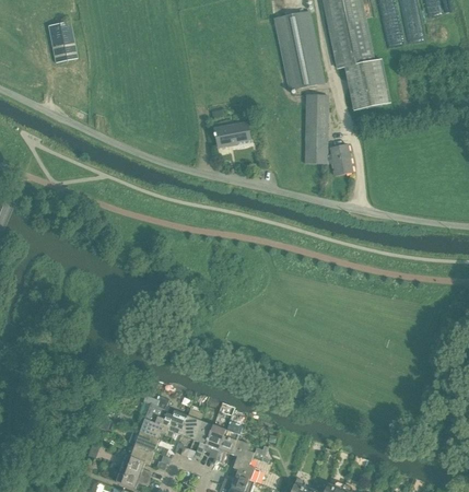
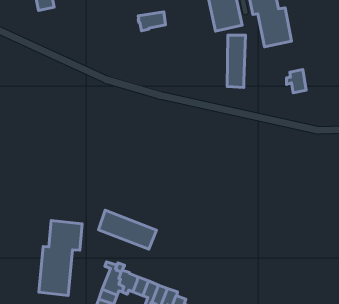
building: [213,121,249,147] -> [138,12,165,31]
building: [326,144,352,175] -> [286,70,306,93]
building: none -> [98,210,156,249]
building: none -> [39,221,82,295]

